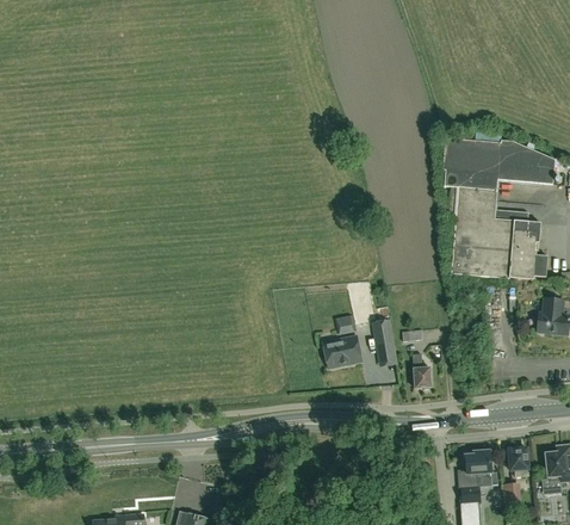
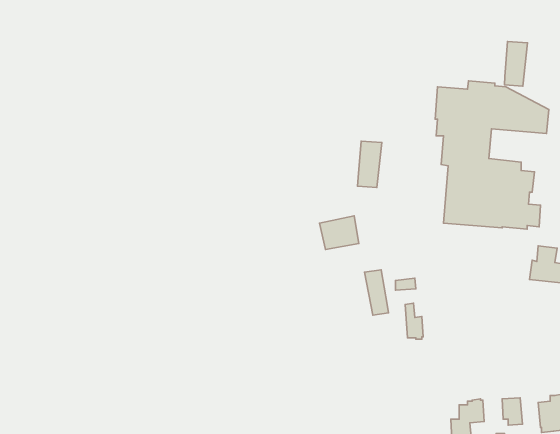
building: none -> [504,42,527,86]
building: none -> [358,141,382,188]
building: [322,335,361,369] -> [319,216,359,249]

